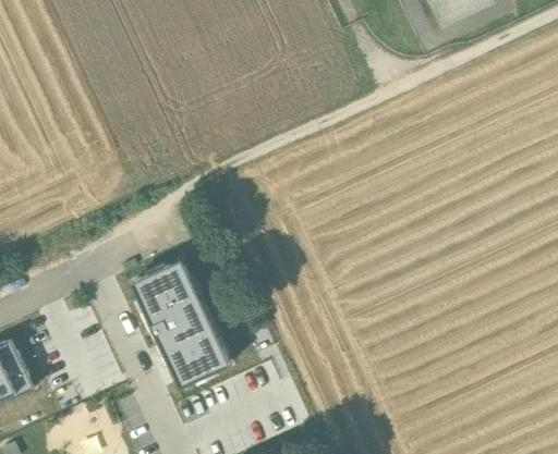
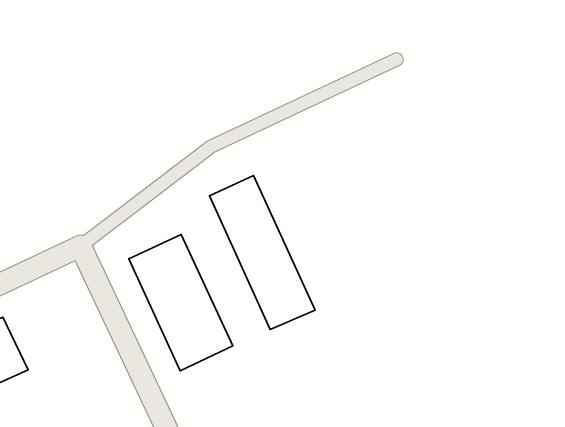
building: none -> [209,175,315,329]

